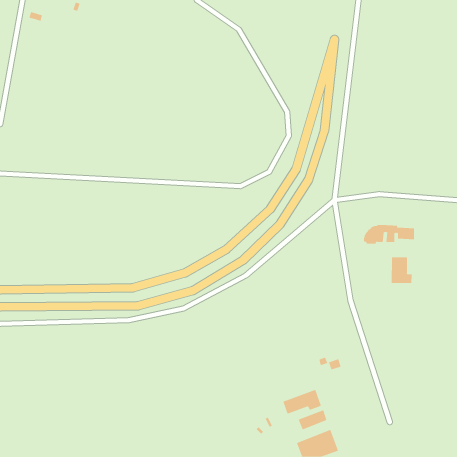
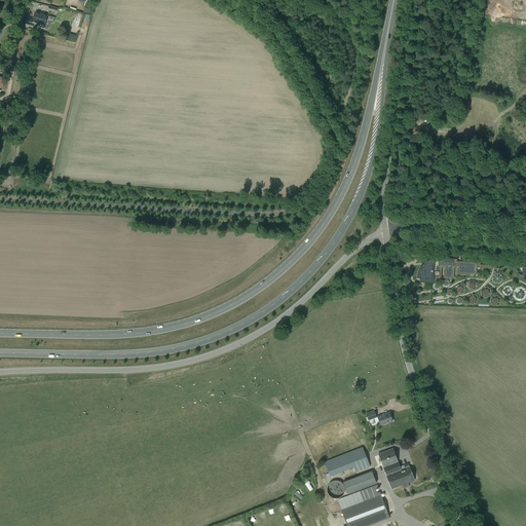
building: [391,257,412,284] -> none
building: none -> [378,448,414,489]

